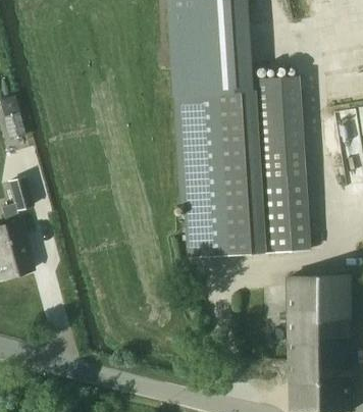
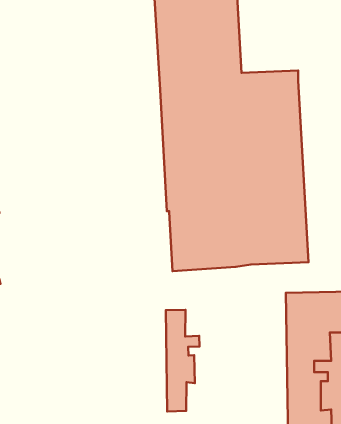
building: none -> [166,310,200,411]

